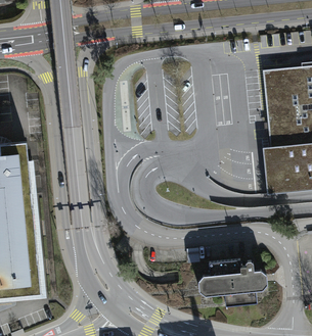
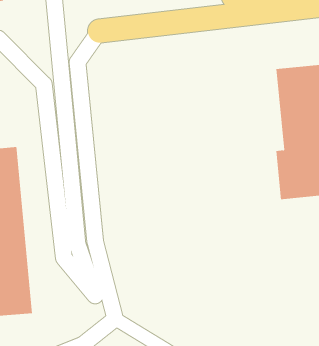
building: [200,265,269,309] -> none

